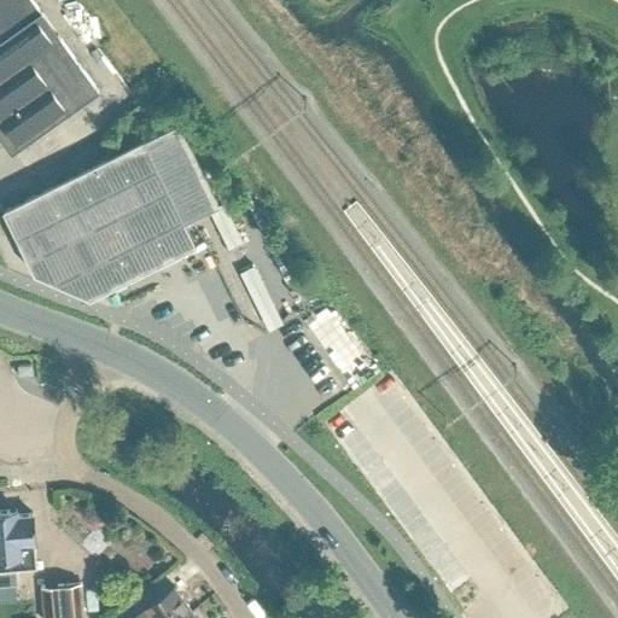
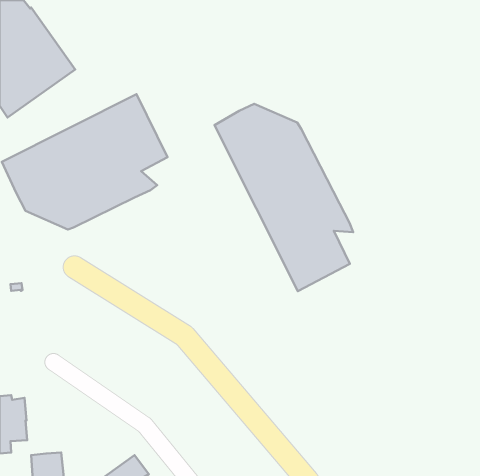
building: none -> [214,104,353,291]

